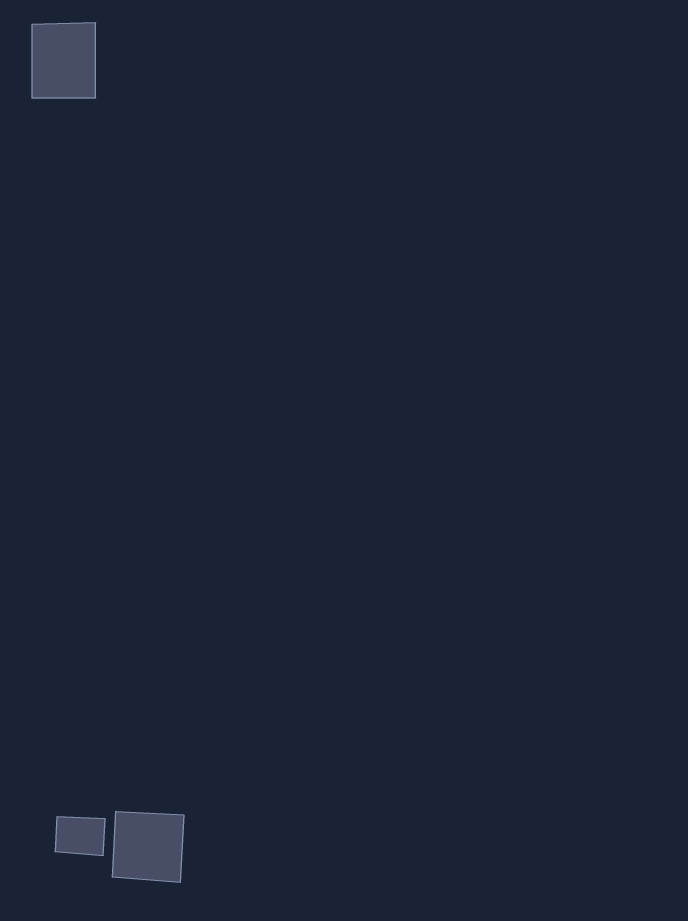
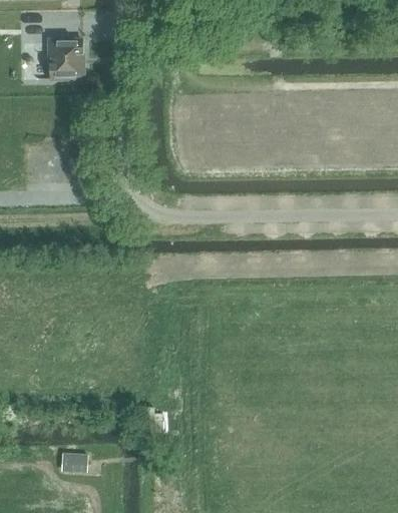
building: [112,811,184,882] -> none

